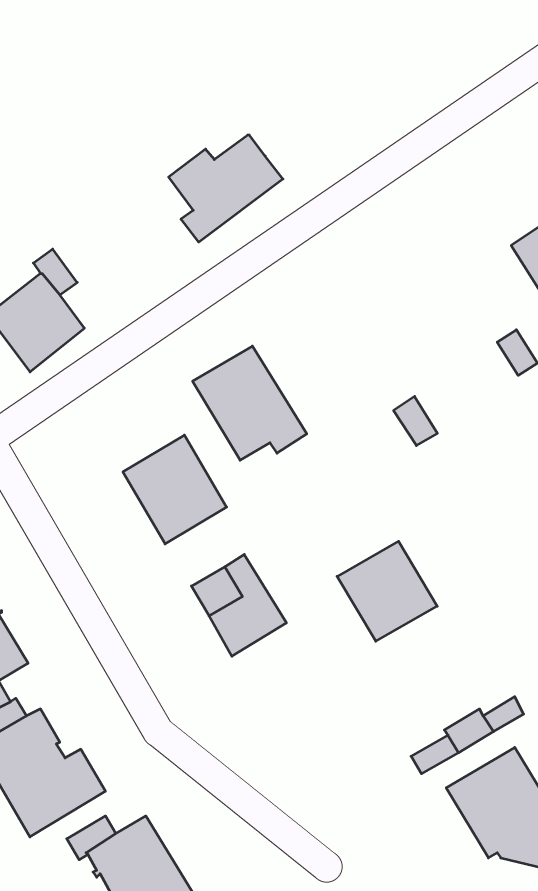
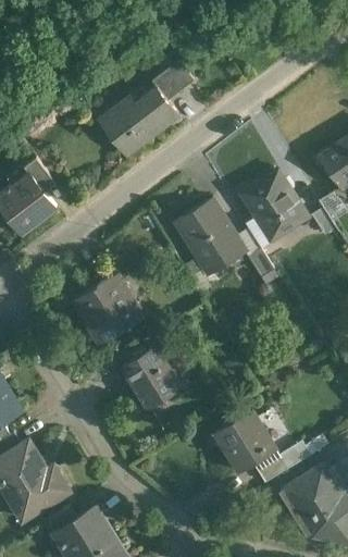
building: none -> [151,60,194,100]
building: none -> [240,170,308,242]
building: [193,346,307,460] -> [175,198,246,269]
building: [337,541,437,641] -> [214,411,276,473]

